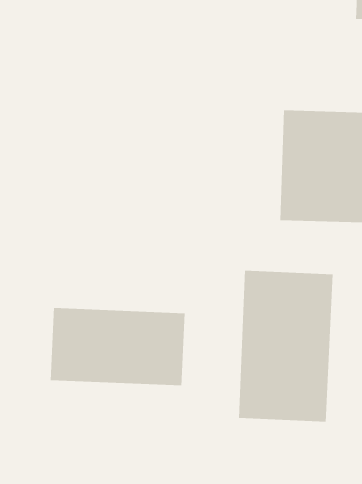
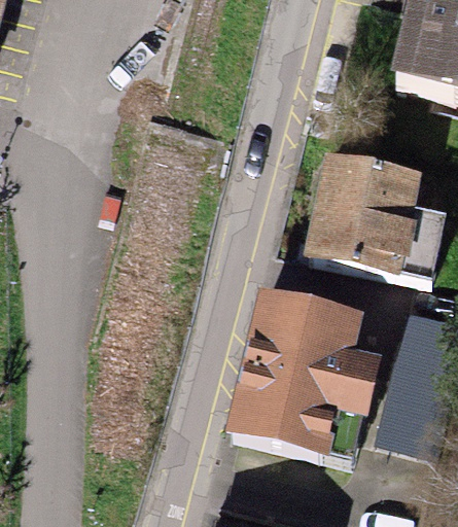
building: [50,307,185,386] -> none

